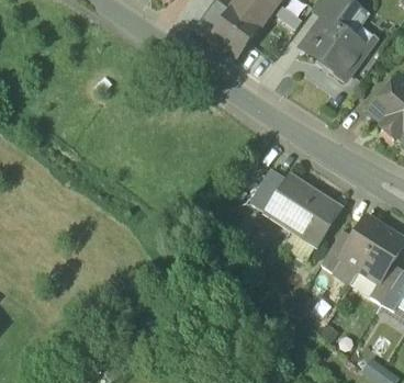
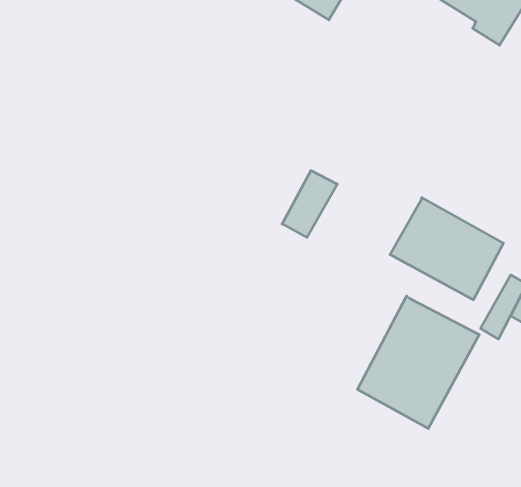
building: [251,167,289,210] -> [282,171,337,237]
building: none -> [357,296,479,429]

